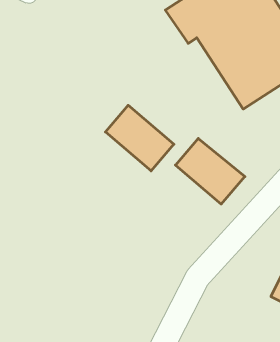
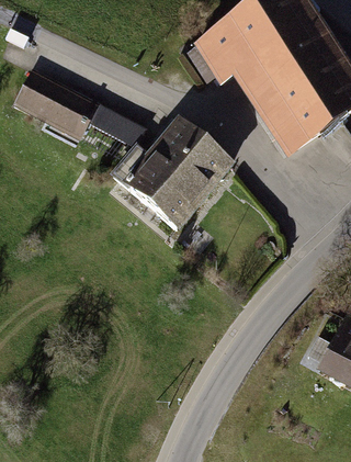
building: none -> [14,64,143,145]
building: [175,138,245,204] -> [152,121,233,196]

